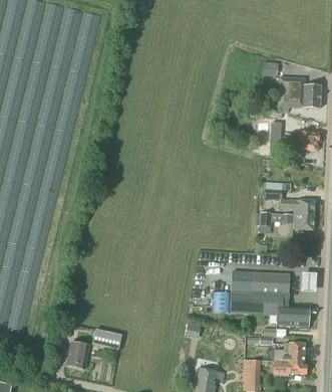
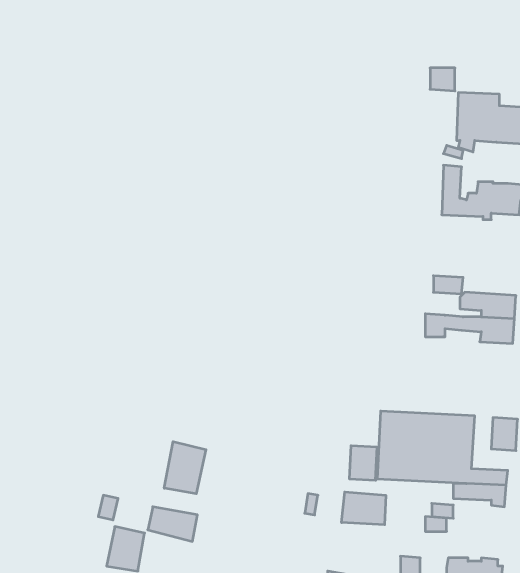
building: none -> [164,442,206,494]
building: none -> [342,492,386,525]
building: [270,342,305,362] -> none

